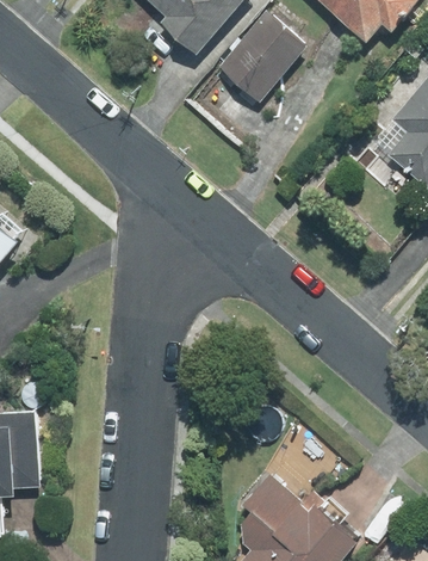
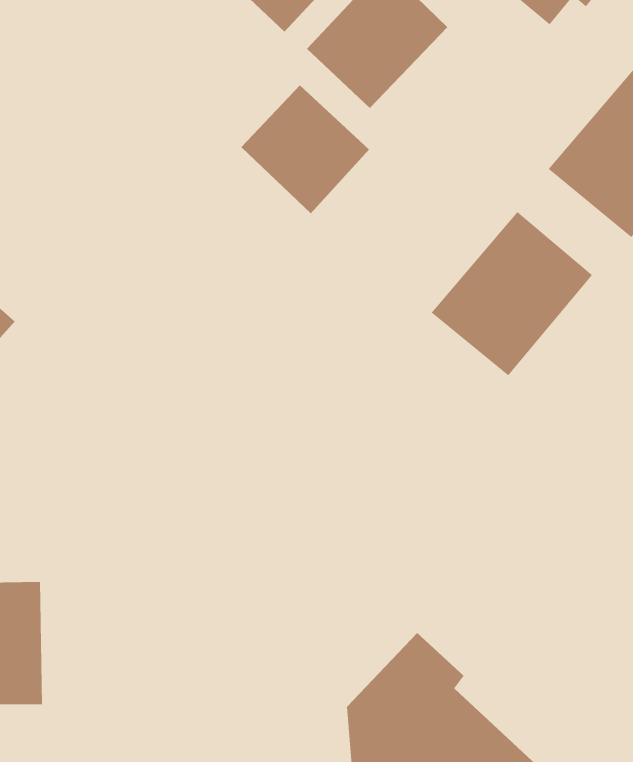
building: none -> [241,84,370,214]
building: none -> [431,211,593,376]

